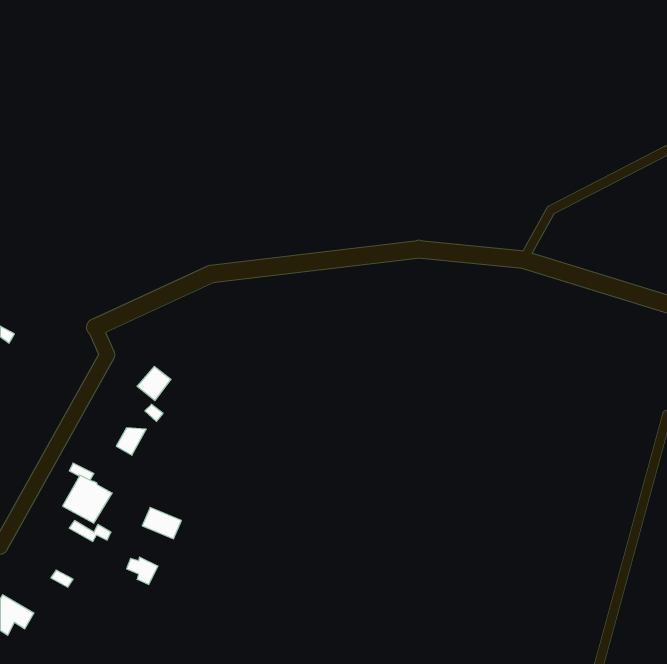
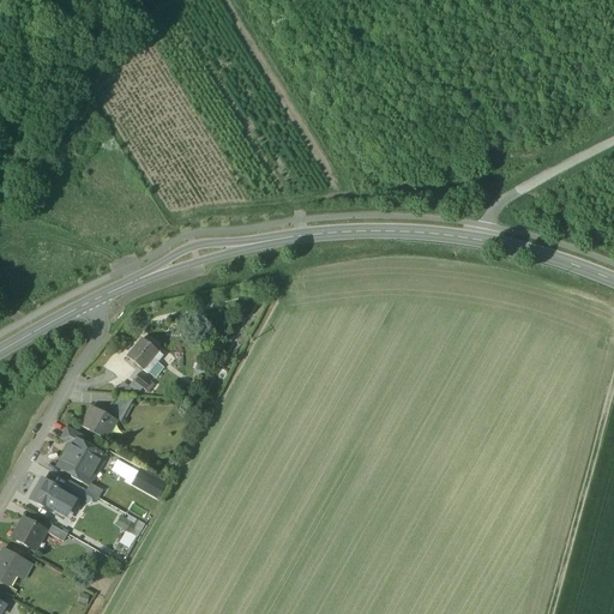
building: none -> [80,404,114,437]
building: none -> [30,477,72,513]
building: none -> [12,516,44,548]

